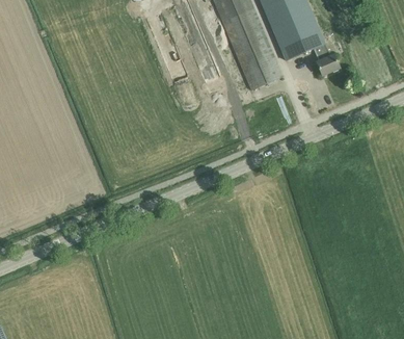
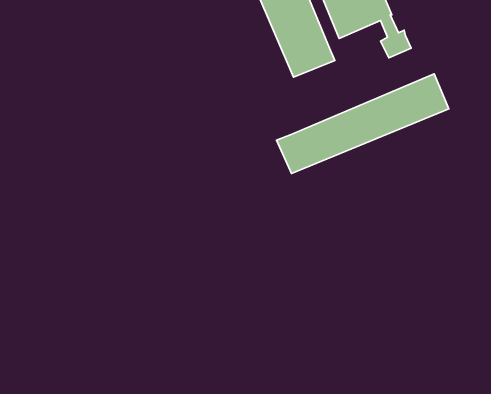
building: none -> [276,74,449,174]

